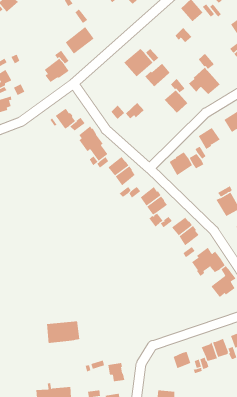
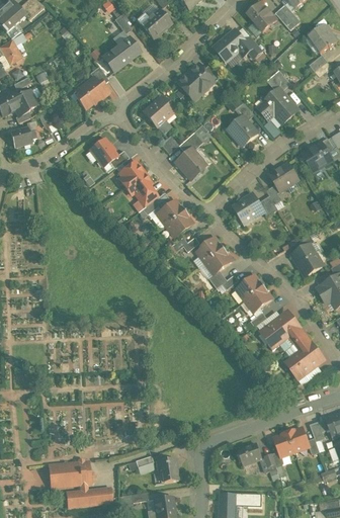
building: none -> [141,9,171,39]
building: [145,62,170,87] -> [214,29,246,61]
building: none -> [143,95,175,134]
building: none -> [175,149,205,179]
building: [46,321,80,343] -> [48,458,90,487]

